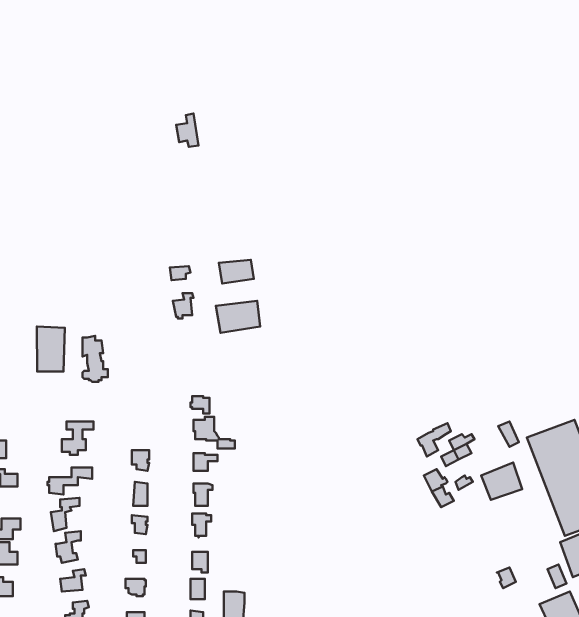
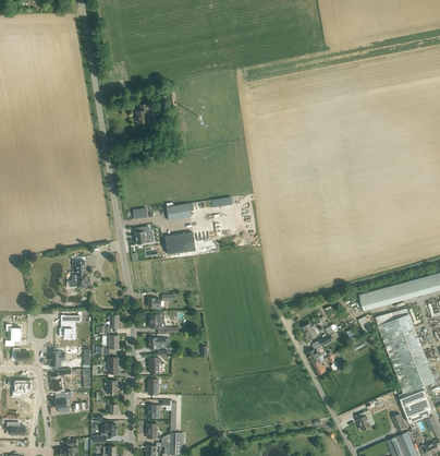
building: [37,326,65,372] -> none
building: [481,463,522,500] -> none

